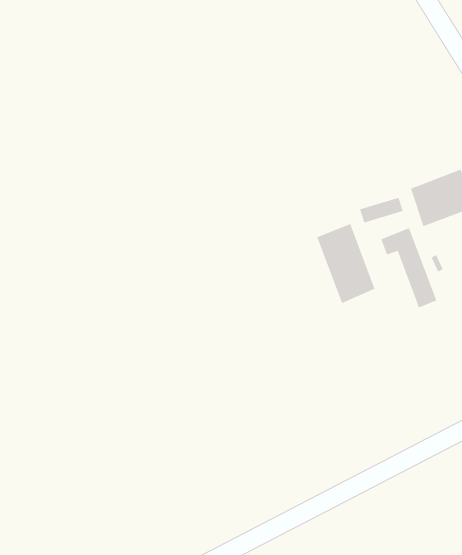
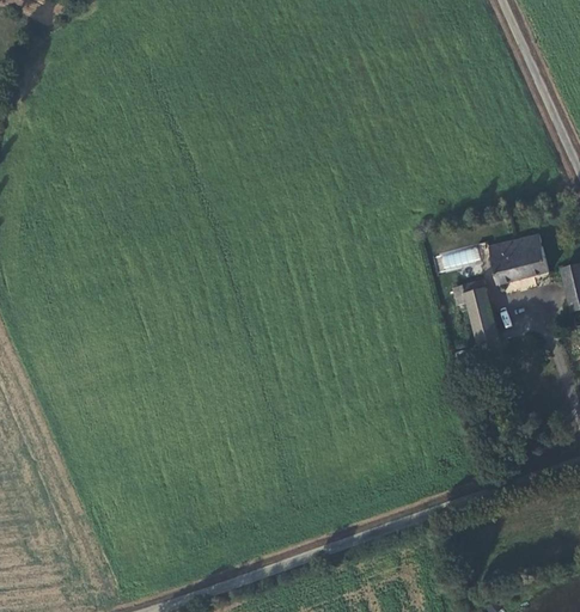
building: [316,223,375,304] -> none

